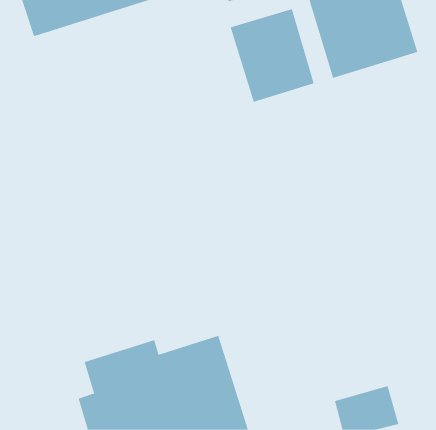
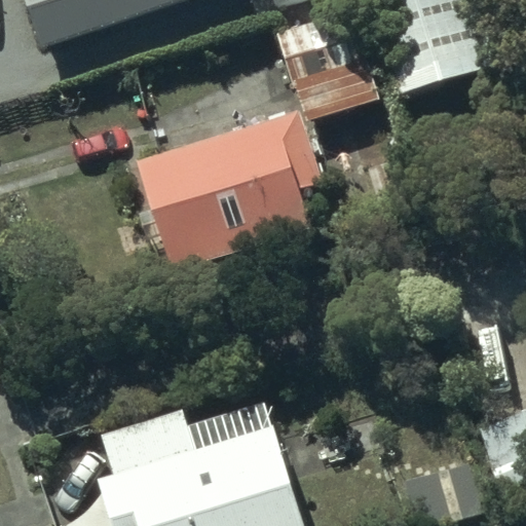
building: none -> [137,113,318,272]

